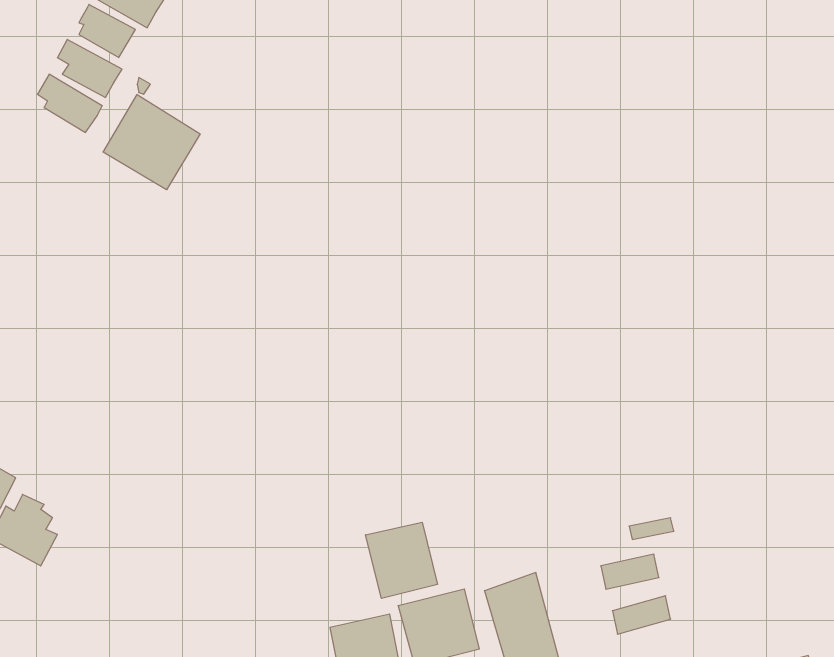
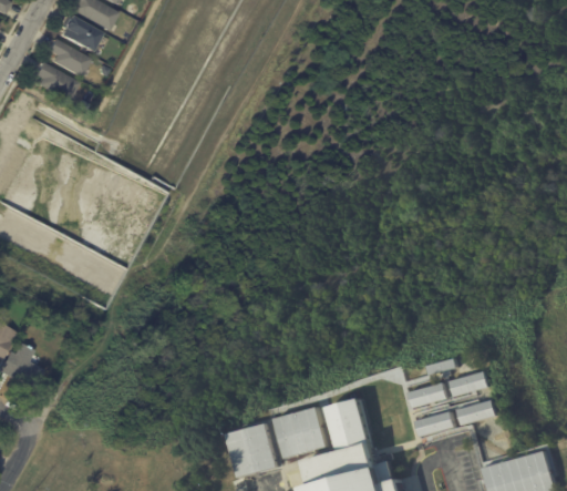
building: [103,95,200,190] -> none
building: [366,522,437,598] -> none
building: none -> [445,370,485,397]
building: none -> [453,400,493,424]

